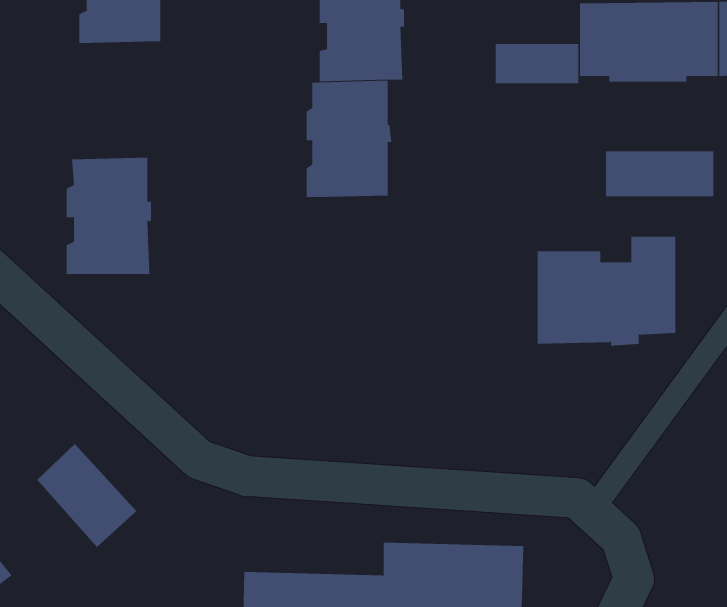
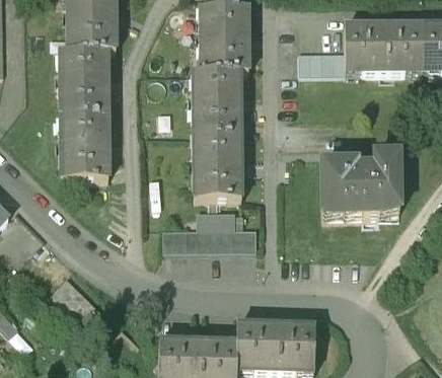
building: none -> [60,48,107,112]
building: [605,150,714,197] -> none
building: none -> [194,133,241,198]
building: none -> [163,209,256,247]

